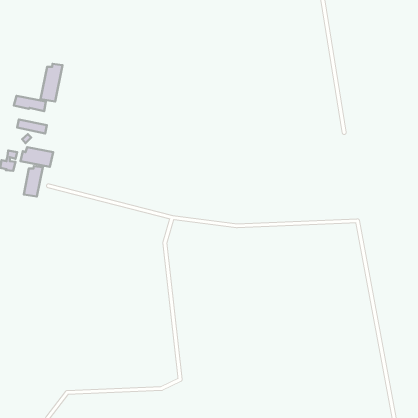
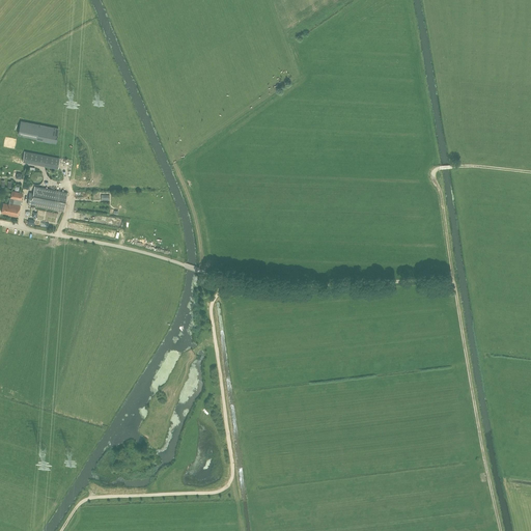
building: [41,64,62,101] -> none
building: [24,166,43,197] -> none

